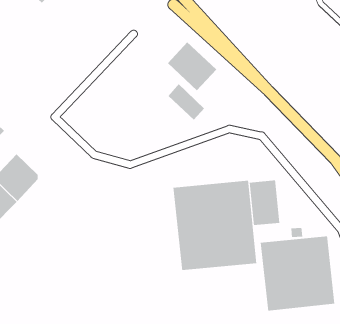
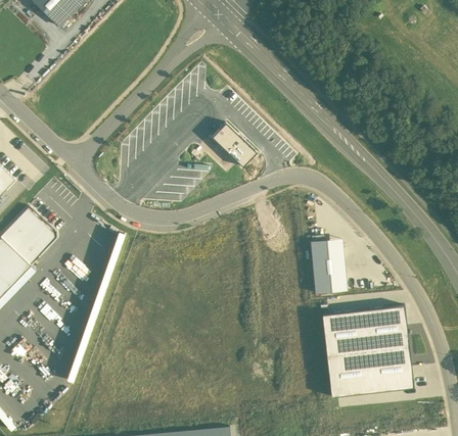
building: [167,42,217,91] -> none
building: [173,180,257,271] -> none

